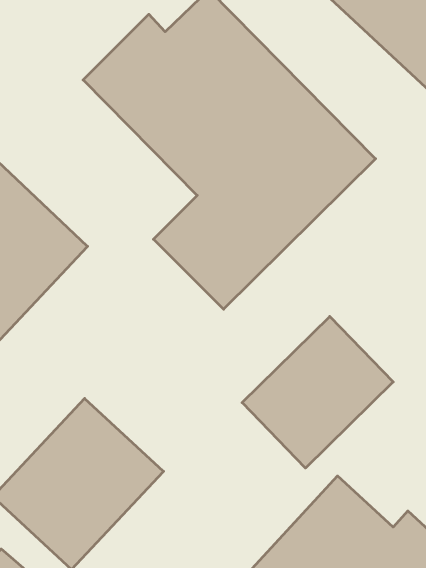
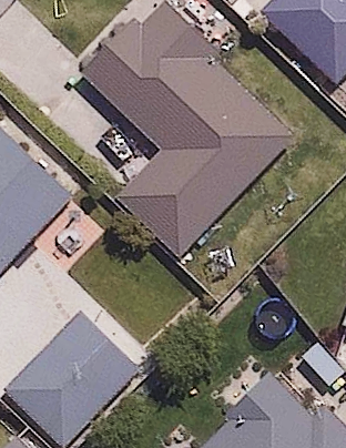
building: [242,316,393,468] -> none

